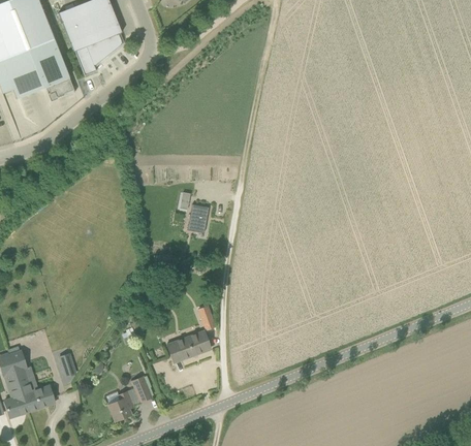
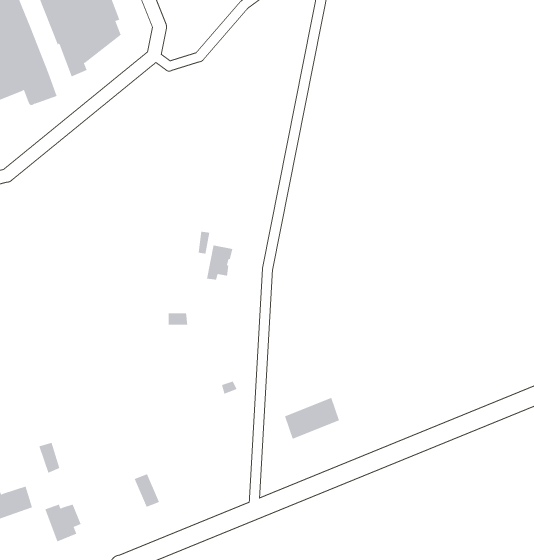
building: [167,330,210,362] -> [284,397,340,439]
building: [105,391,133,420] -> [45,504,81,542]

